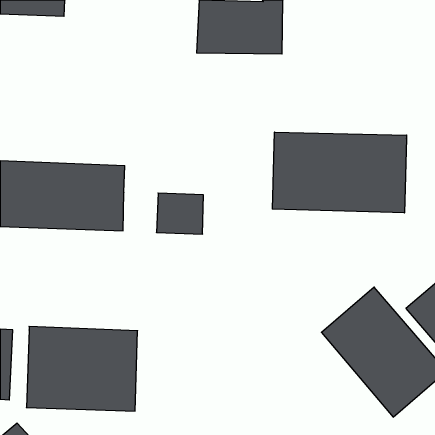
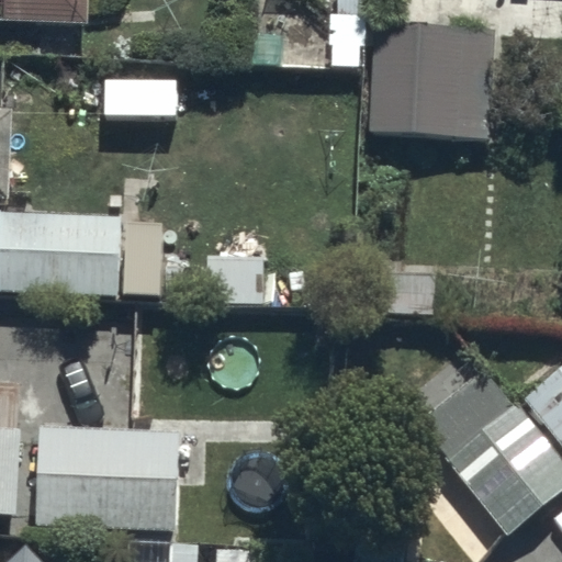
building: none -> [369,20,494,138]
building: [272,132,407,213] -> none

